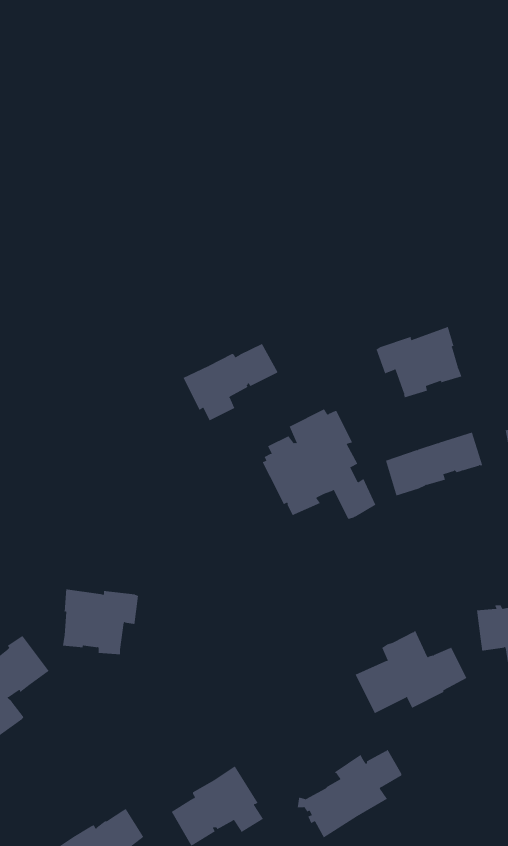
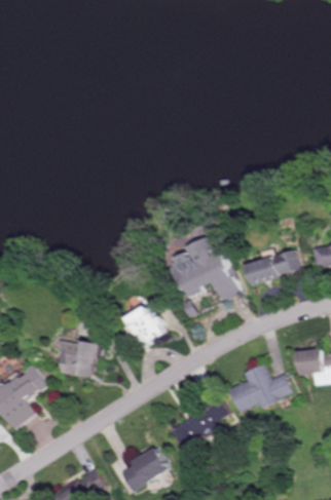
building: [376,326,462,398] -> none
building: [183,343,278,421] -> none
building: none -> [121,304,166,353]
building: [297,749,402,838] -> [167,397,227,449]

